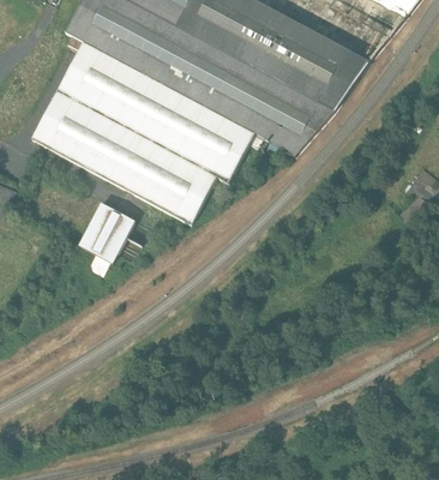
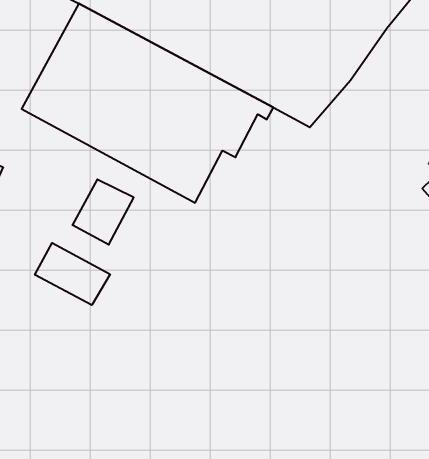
building: none -> [35,243,110,305]

